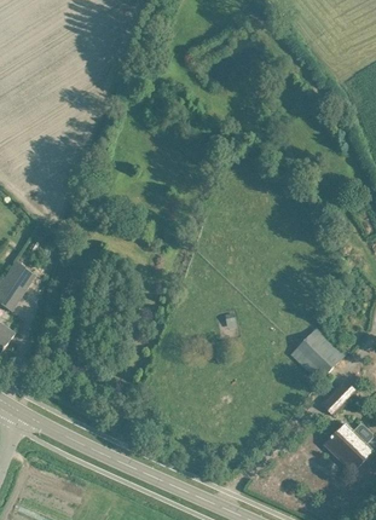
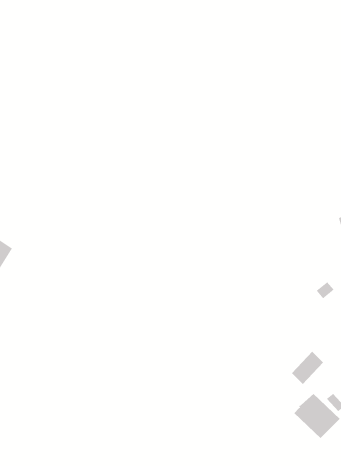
building: [295,334,336,374] -> none

